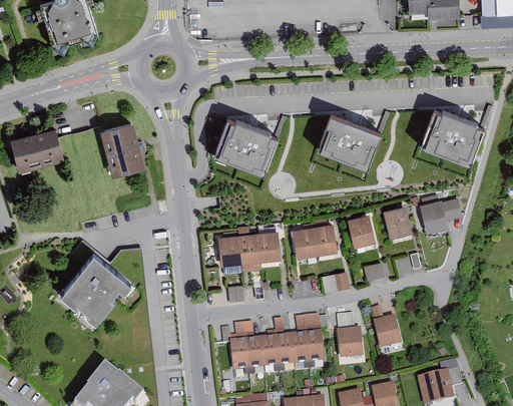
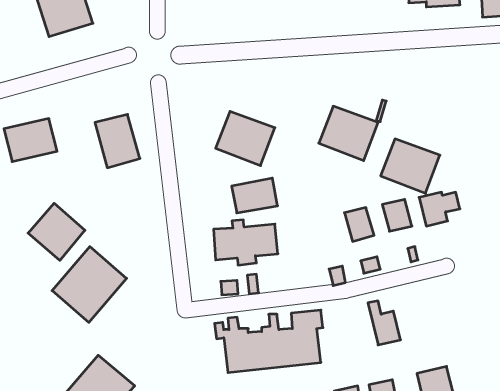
building: [425,111,483,164] -> [381,139,440,193]
building: none -> [28,203,85,260]
building: [293,225,338,259] -> [232,178,278,213]
building: [336,315,363,360] -> none

